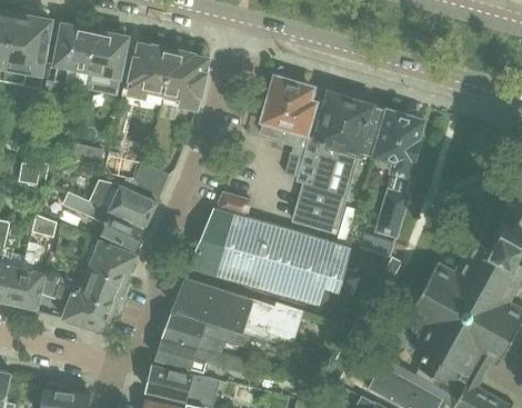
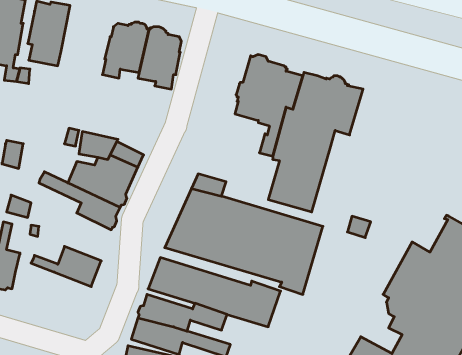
building: [82,27,128,94] -> none
building: [373,110,422,238] -> none
building: [89,240,135,281] -> none
building: [40,275,116,331] -> none

